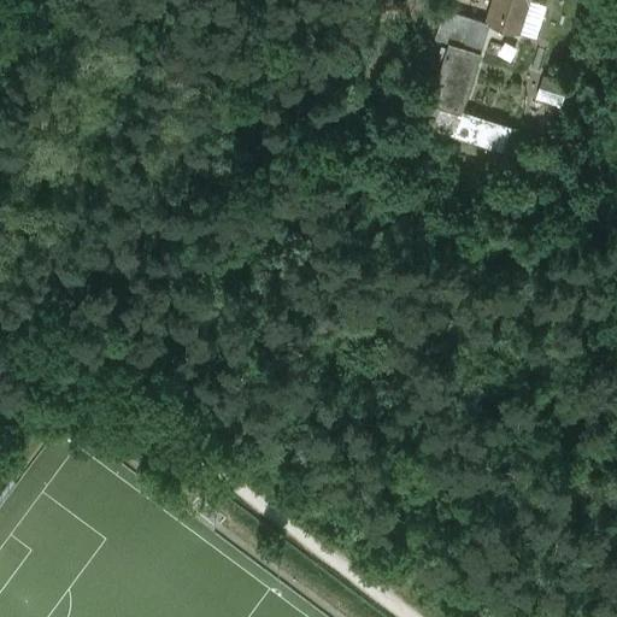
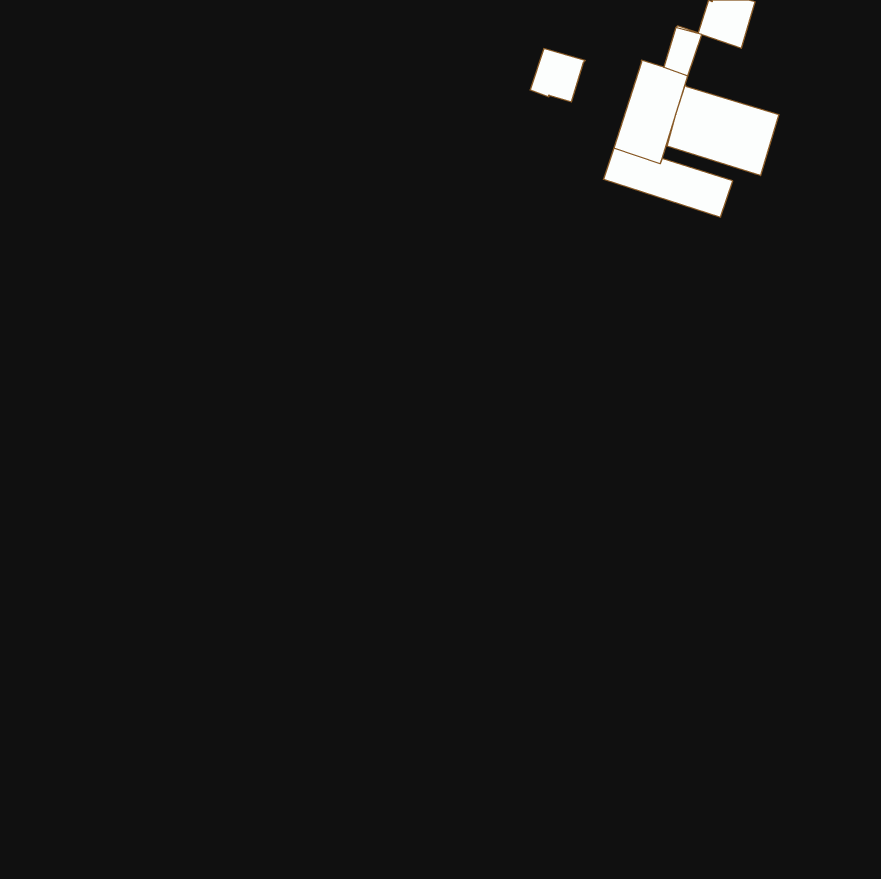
building: [435,11,474,48] -> [530,49,585,102]
building: none -> [667,85,779,176]

